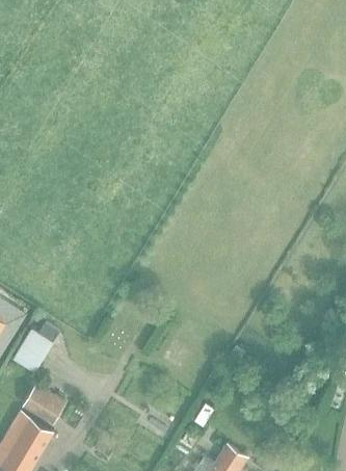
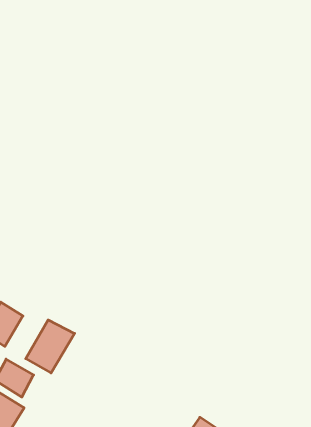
building: none -> [26,320,75,373]

